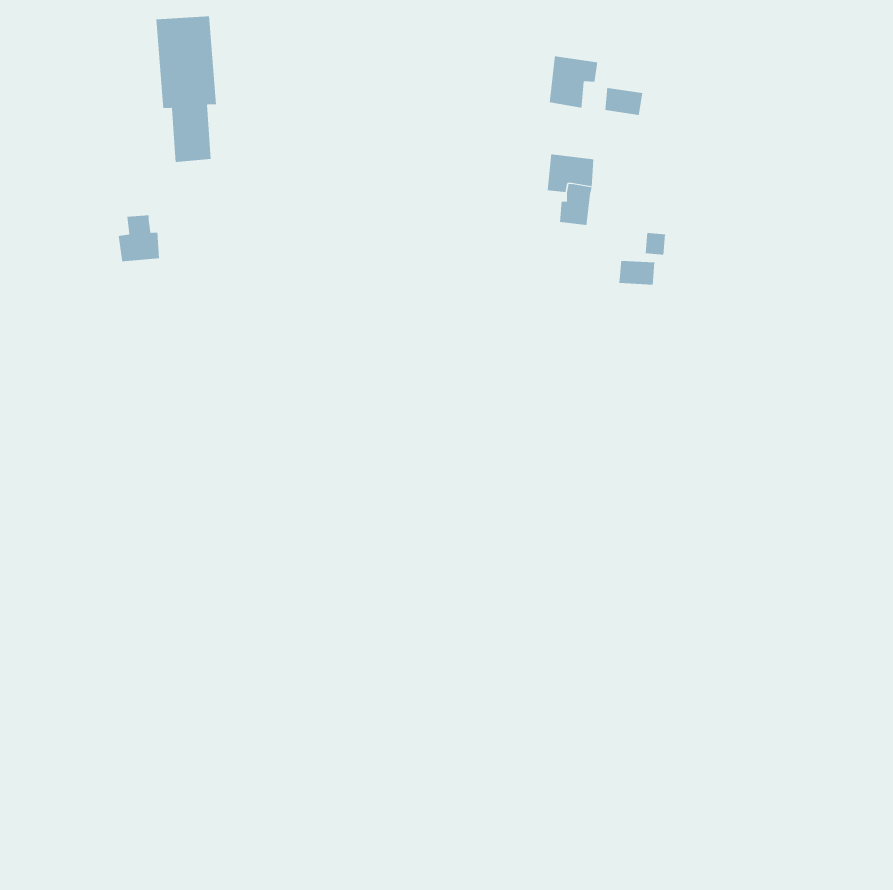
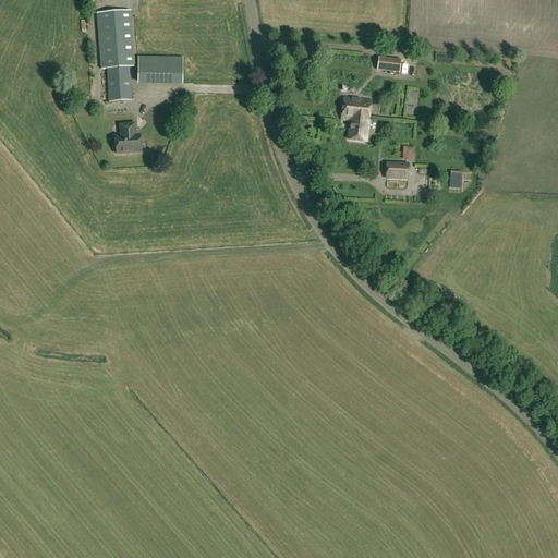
building: [549,56,598,109] -> none
building: none -> [138,53,182,80]
building: [118,215,160,262] -> [116,123,142,153]

